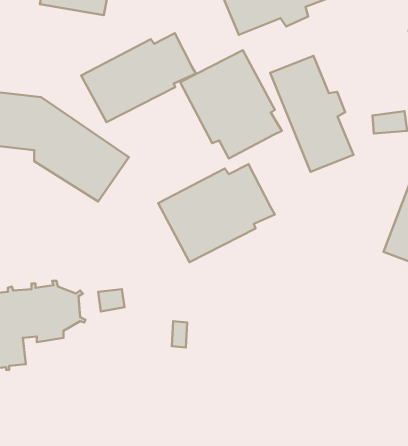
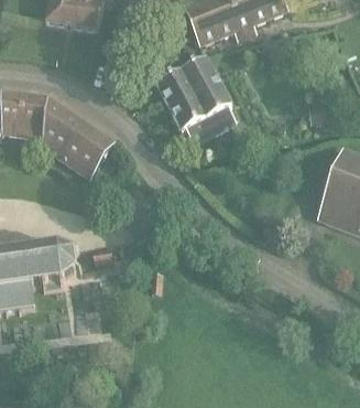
building: [81,33,196,122] -> none
building: [270,56,354,172] -> none
building: [158,164,275,262] -> none

